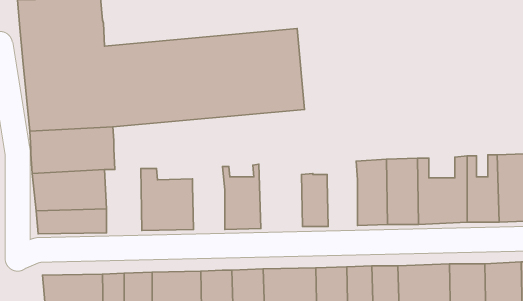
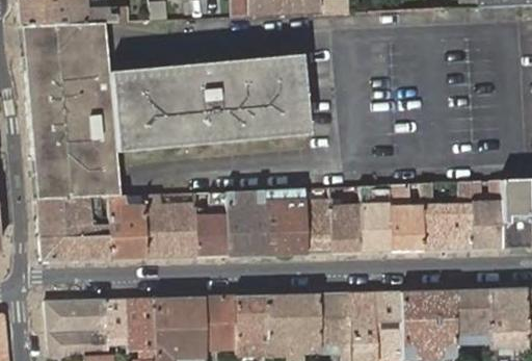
building: none -> [264,188,308,254]
building: none -> [197,191,230,255]
building: none -> [109,194,147,258]
building: none -> [332,203,363,252]

